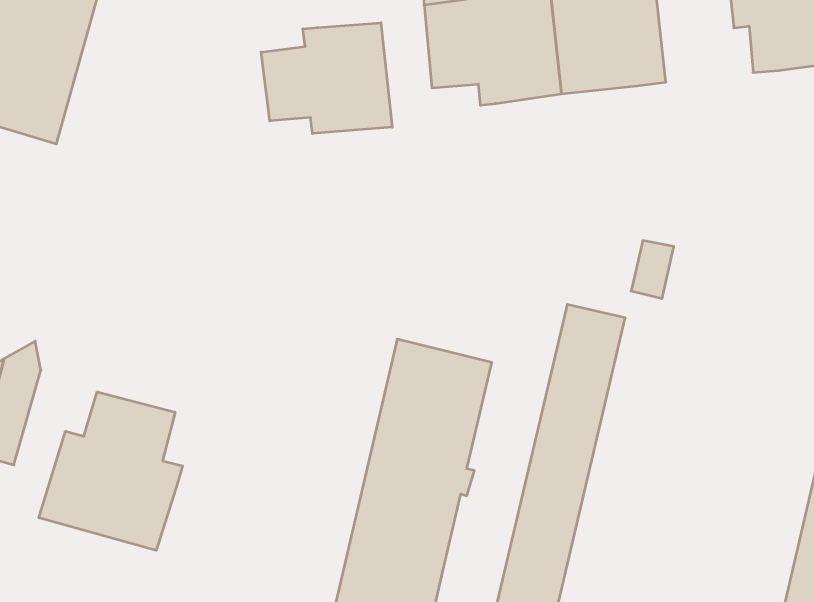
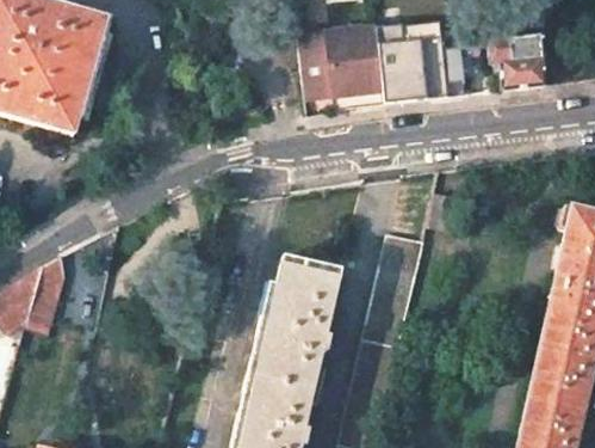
building: [261,23,392,134] -> none
building: [39,392,183,550] -> none

